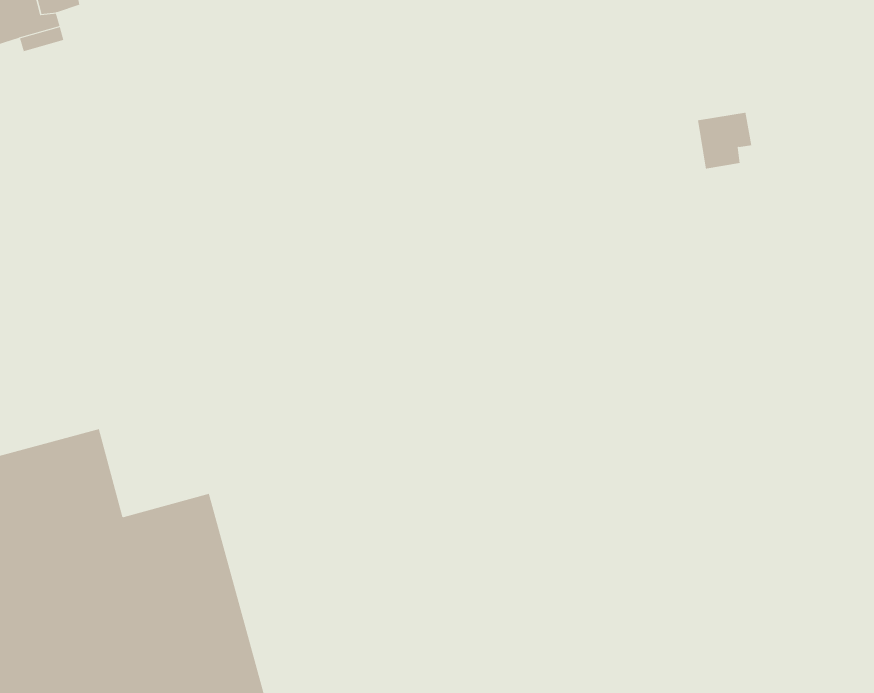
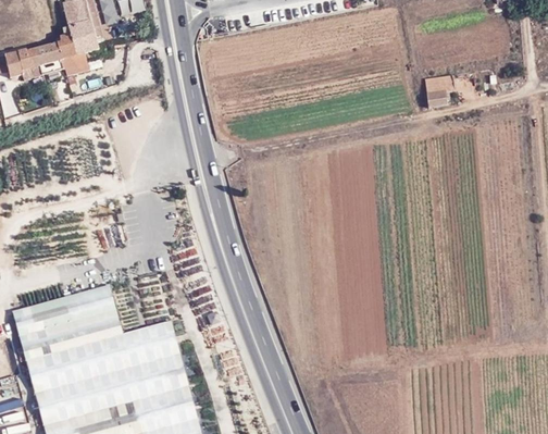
building: [697,112,752,169] -> [422,73,452,104]

